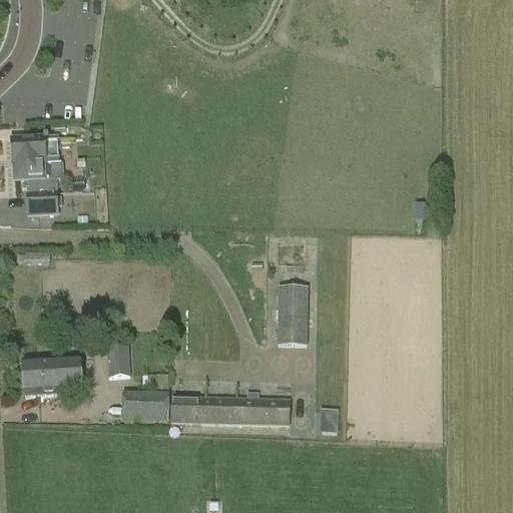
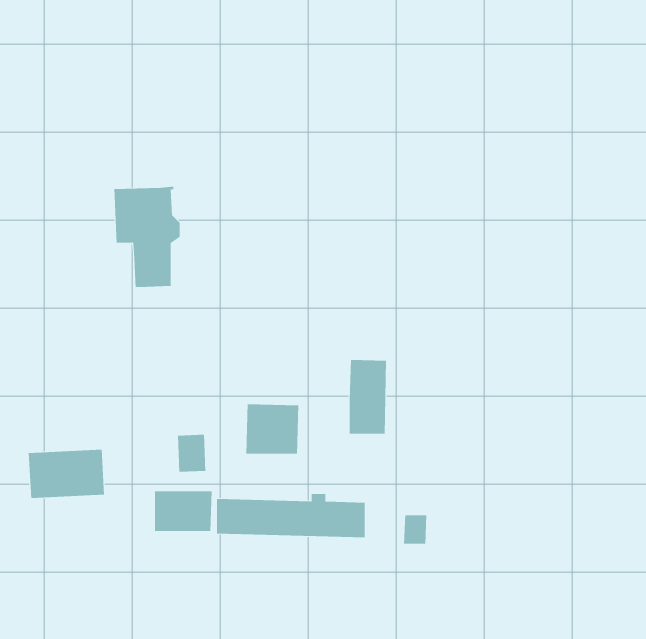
building: [11,134,64,214] -> [113,186,180,287]
building: none -> [246,403,299,454]
building: [107,346,130,376] -> [177,434,206,472]

